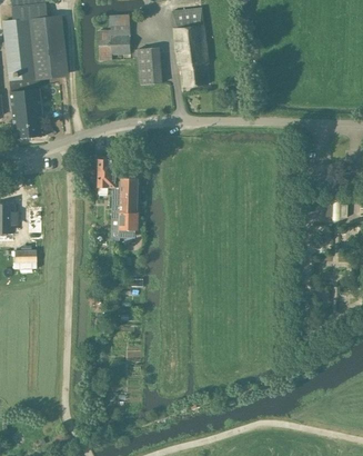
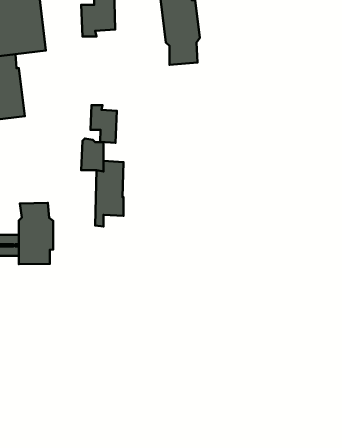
building: [138,48,161,85] -> none
building: none -> [90,105,117,143]
building: none -> [19,203,53,264]

